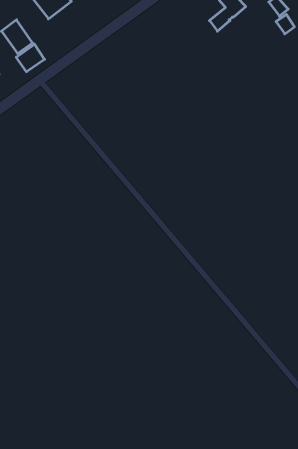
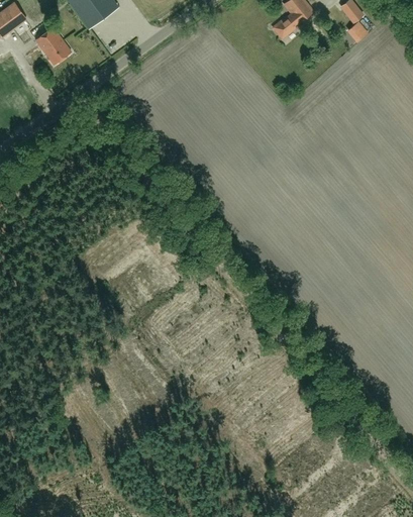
building: [16,44,45,72] -> none

